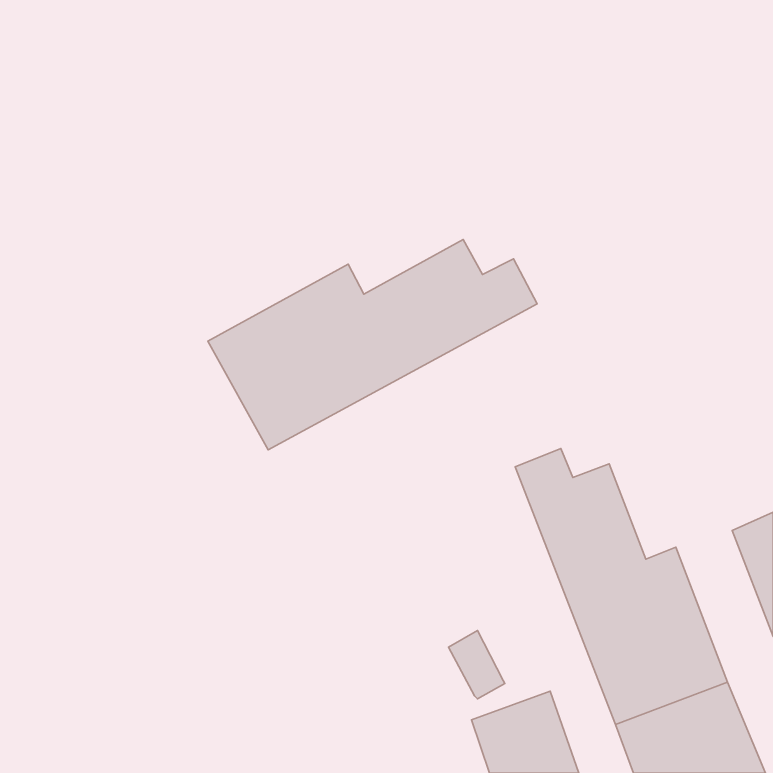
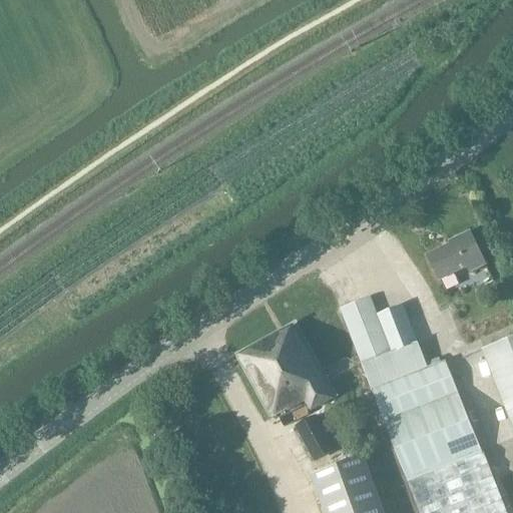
building: [208,240,537,450] -> none
building: none -> [427,232,485,281]
building: none -> [236,323,337,418]

